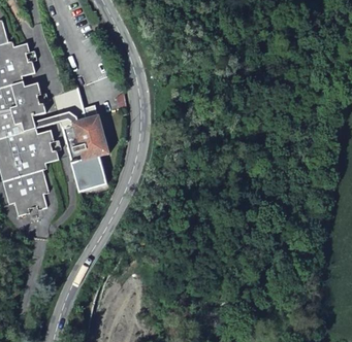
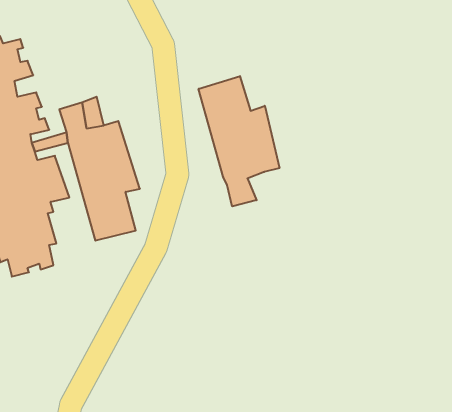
building: none -> [199,76,279,206]

